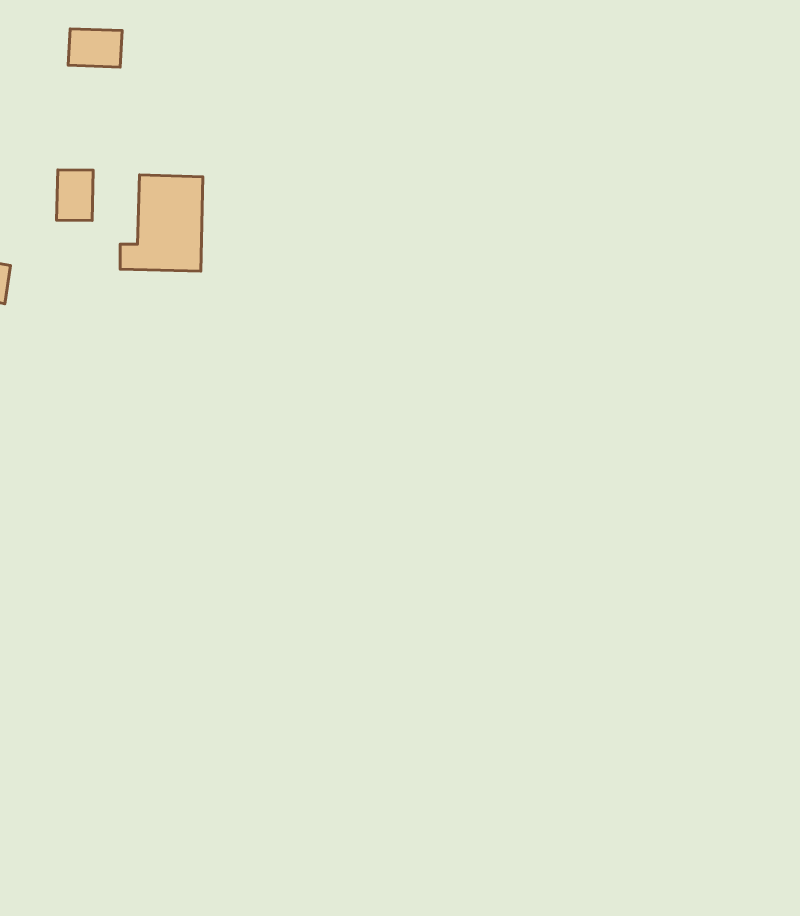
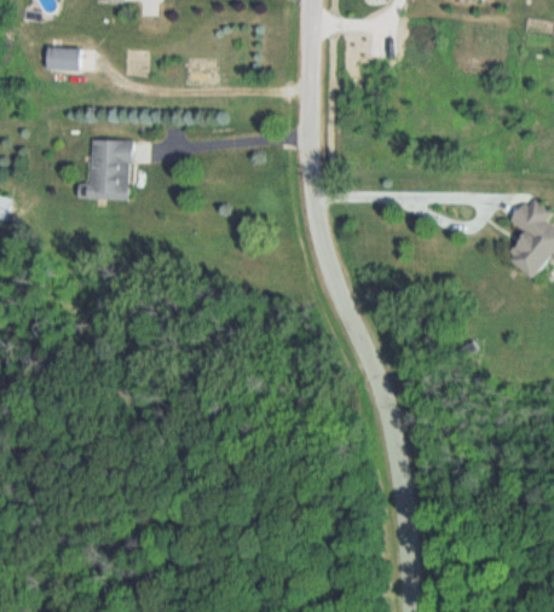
building: [57,170,93,221] -> none

